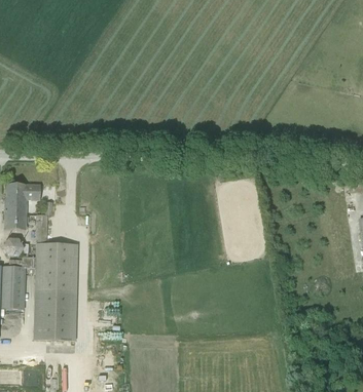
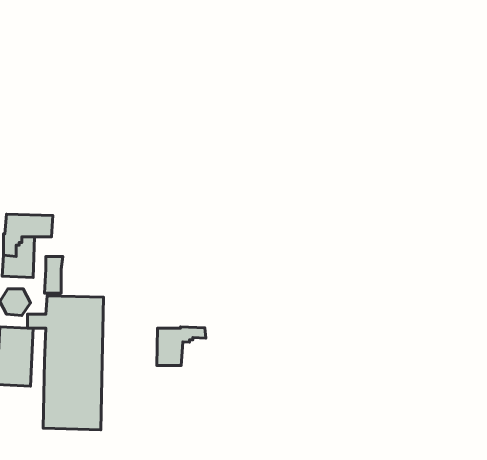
building: none -> [157,327,206,365]

